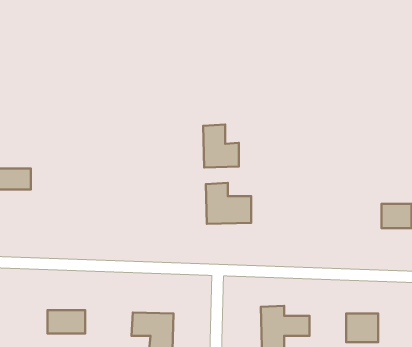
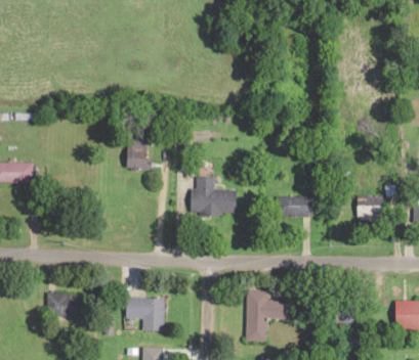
building: [203,125,239,167] -> none
building: none -> [128,140,150,169]
building: none -> [277,195,312,215]

